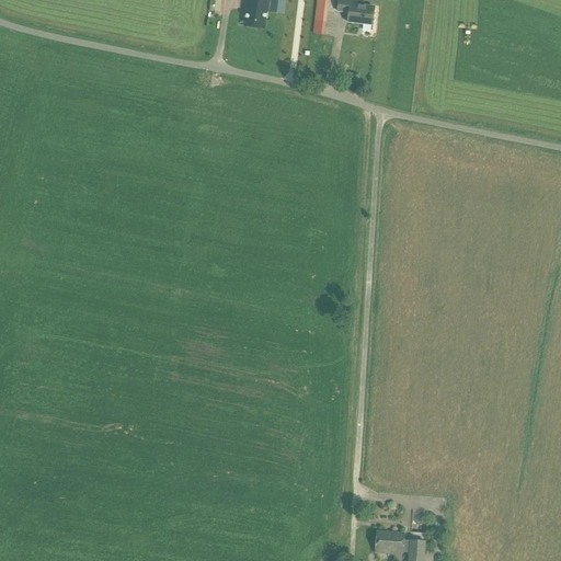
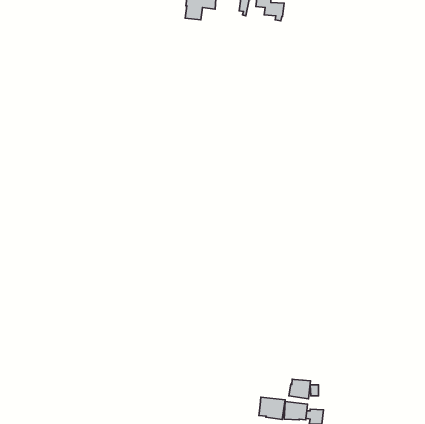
building: none -> [289,379,310,399]
building: none -> [259,397,285,420]

